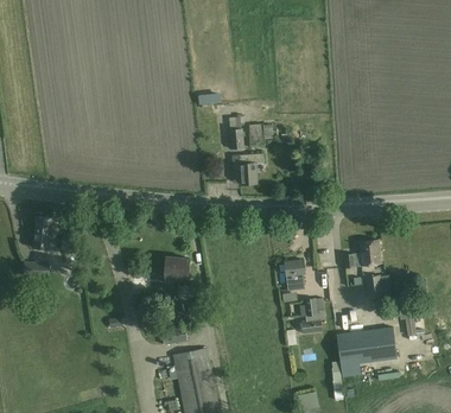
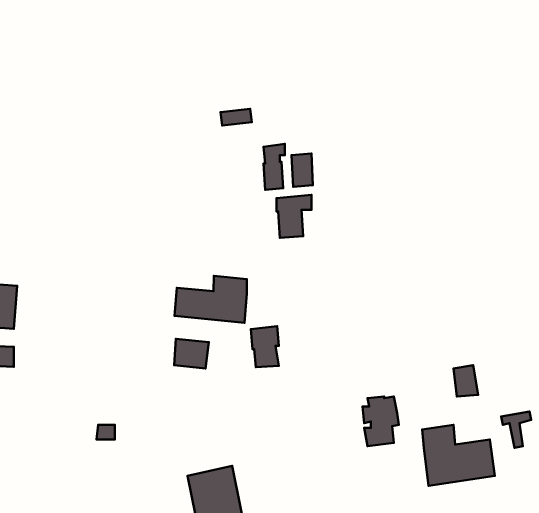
building: none -> [174,276,247,323]
building: [343,241,380,269] -> none
building: [284,261,304,291] -> [251,326,279,367]

